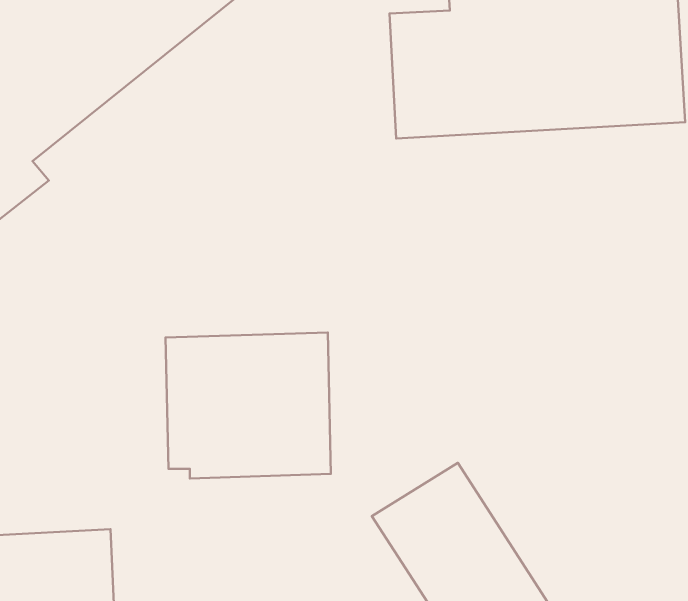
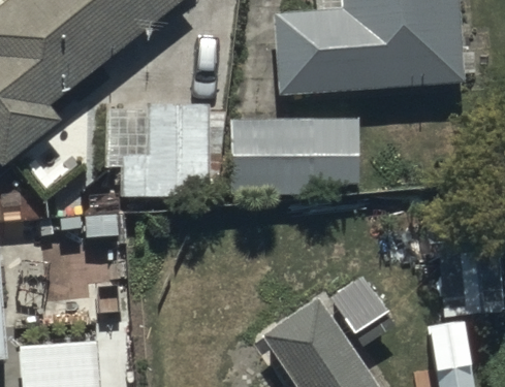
building: none -> [227,120,358,185]
building: [165,333,331,479] -> [107,106,213,199]

